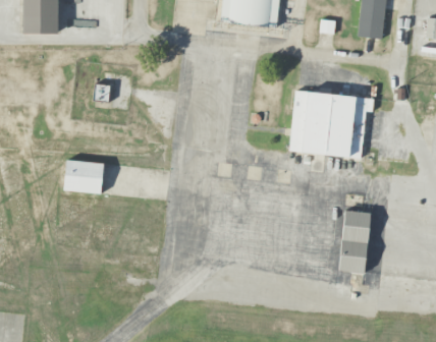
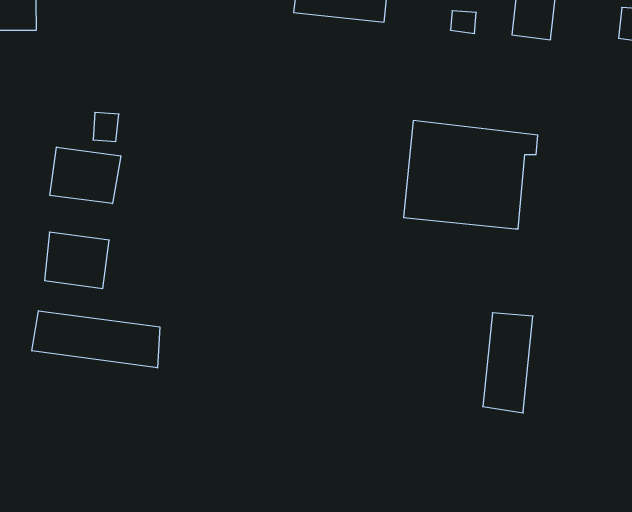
building: none -> [50,147,121,204]
building: none -> [32,311,160,368]

